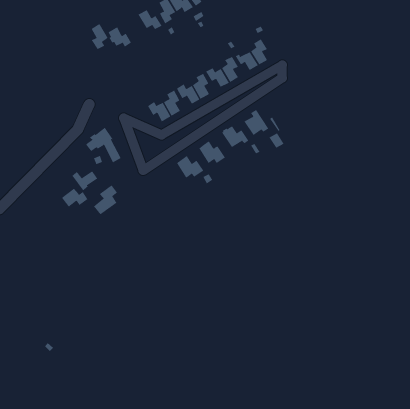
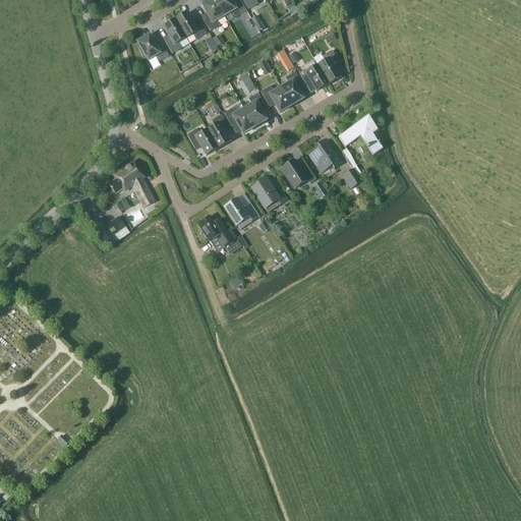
building: [91,23,109,50] -> [163,18,185,52]
building: none -> [337,115,382,155]
building: none -> [197,215,234,247]
building: [93,184,118,215] -> none
building: [61,188,88,208] -> none

